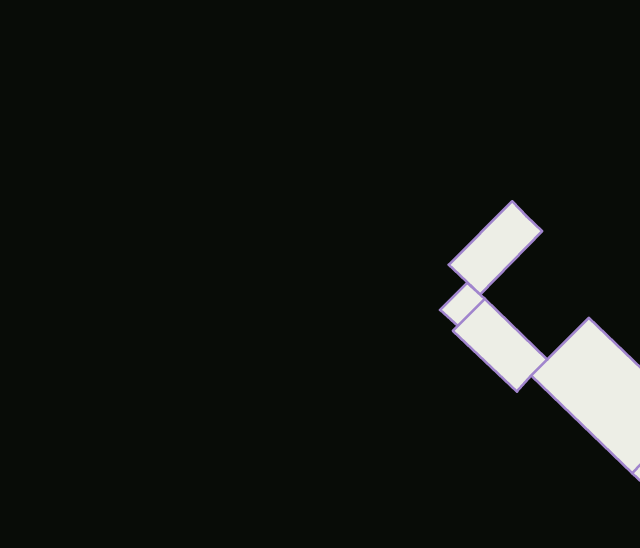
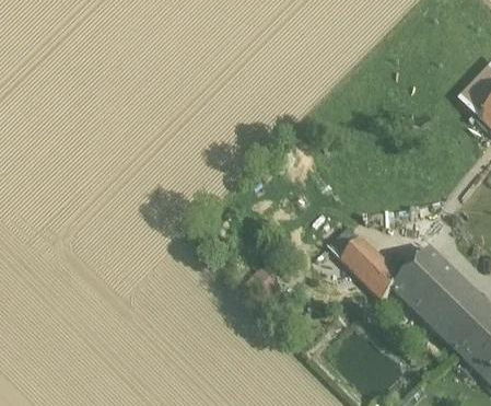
building: [449,201,542,294] -> none

